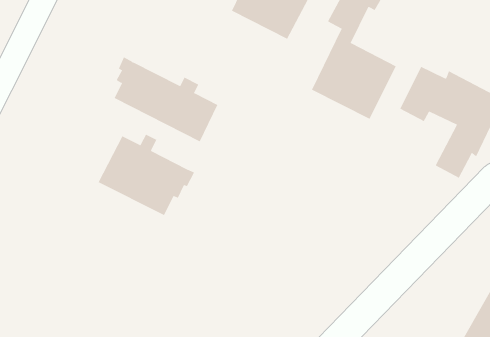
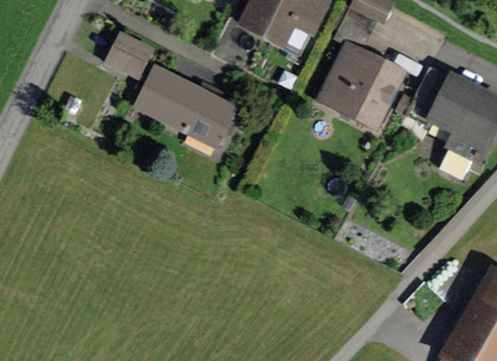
building: none -> [107,35,152,76]
building: [98,134,195,216] -> none

